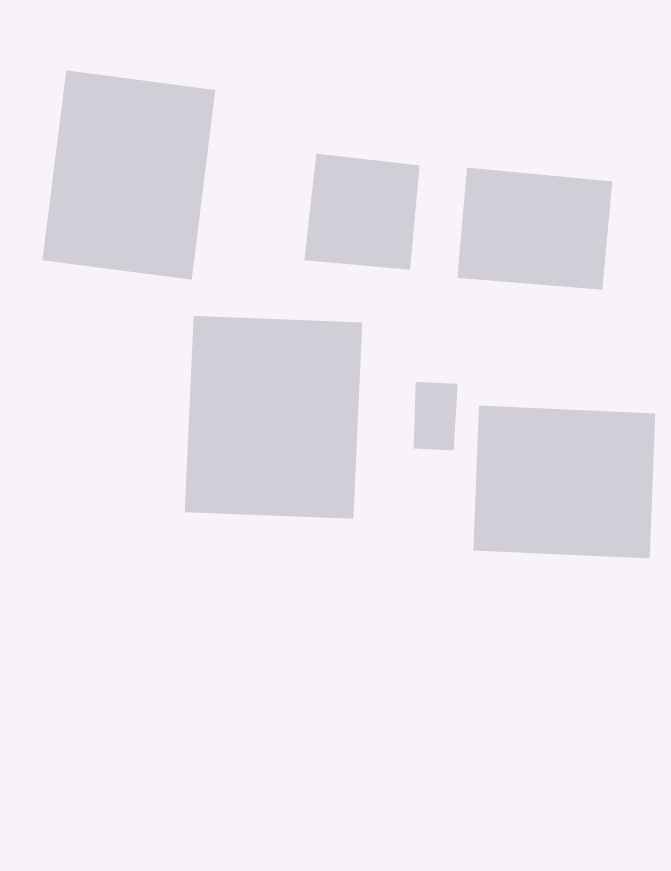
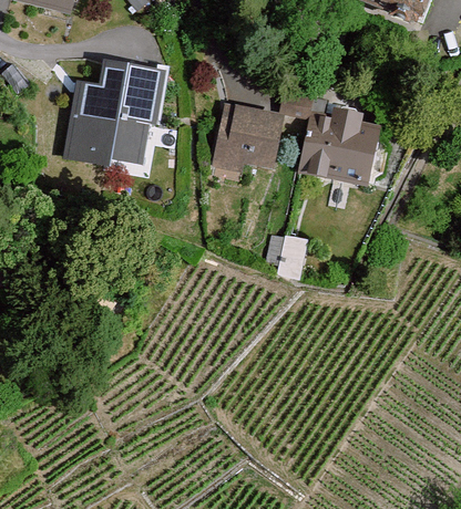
building: [184,315,363,520] -> none
building: [473,405,656,559] -> none

